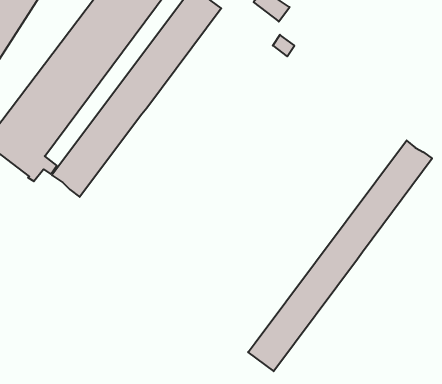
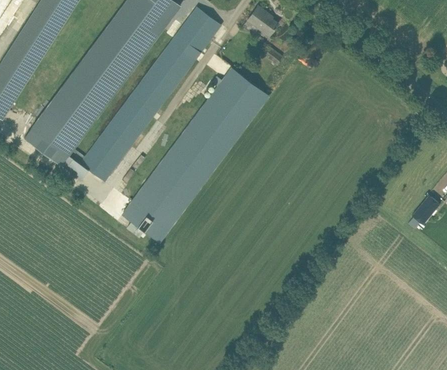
building: none -> [122,68,269,243]
building: [248,140,432,371] -> none

